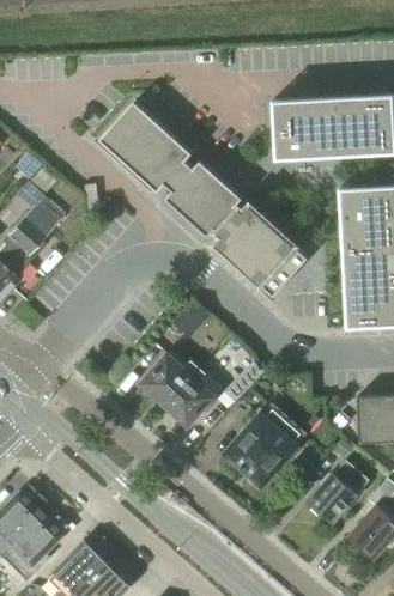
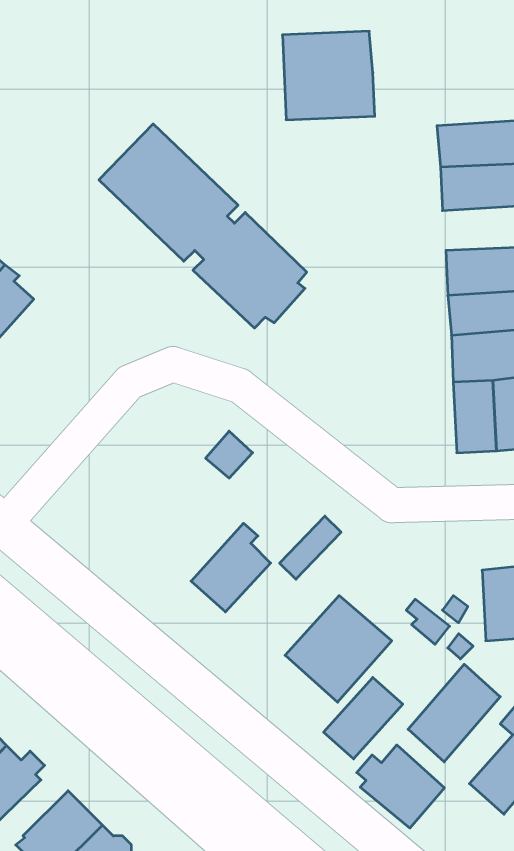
building: [271,103,332,162] -> [282,31,375,120]
building: [217,206,309,297] -> none
building: [143,352,200,405] -> none
building: none -> [324,677,403,759]
building: none -> [357,745,444,828]

